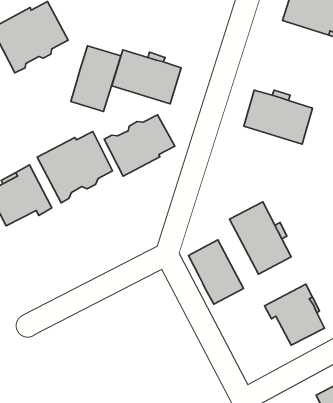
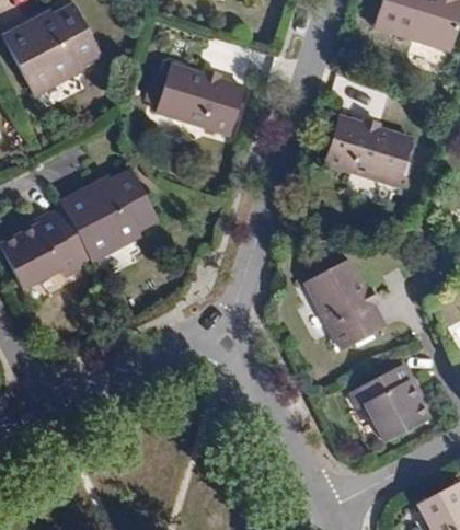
building: [71,46,121,112] -> none
building: [104,115,175,176] -> none
building: [188,240,243,304] -> none

